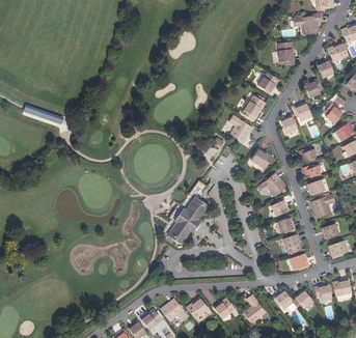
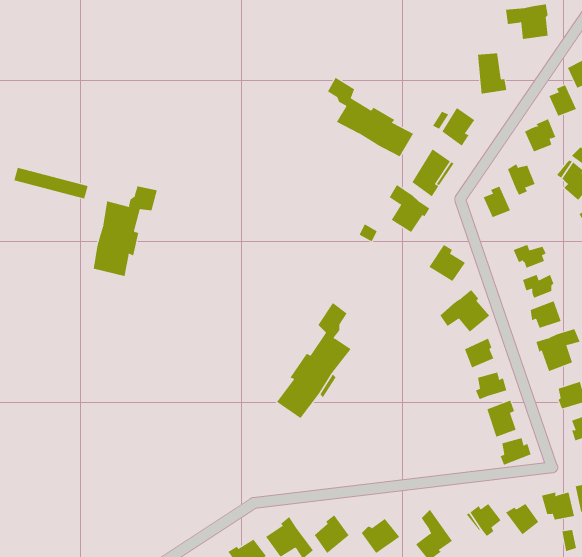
building: none -> [327,77,414,157]
building: none -> [93,185,157,277]

